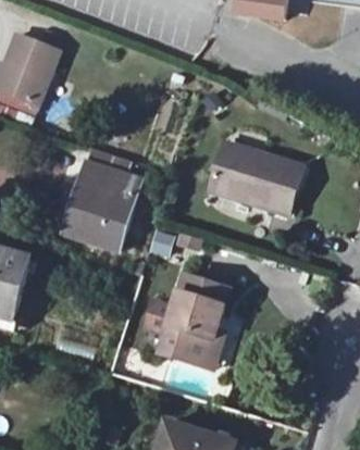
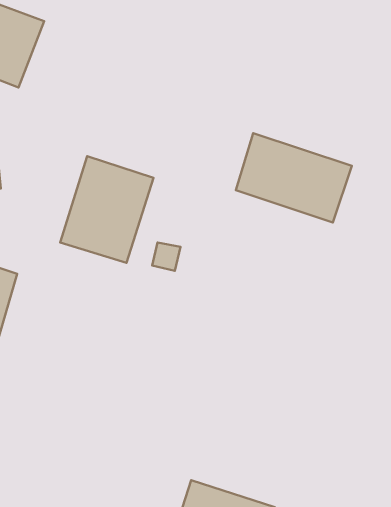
building: [165,275,235,364] -> none

